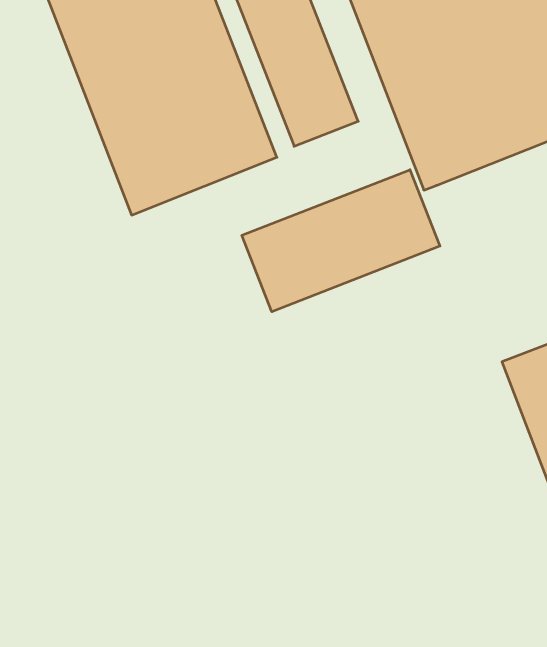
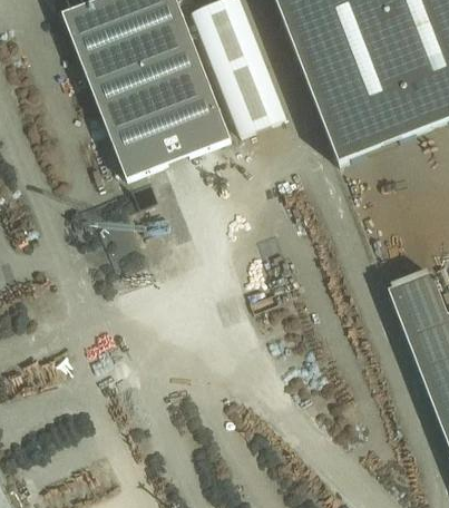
building: [242,170,440,312] -> none

